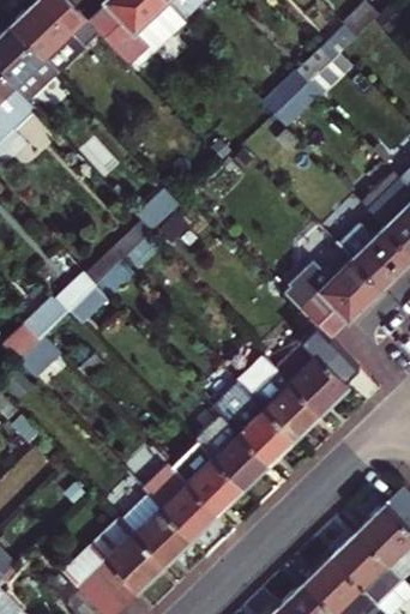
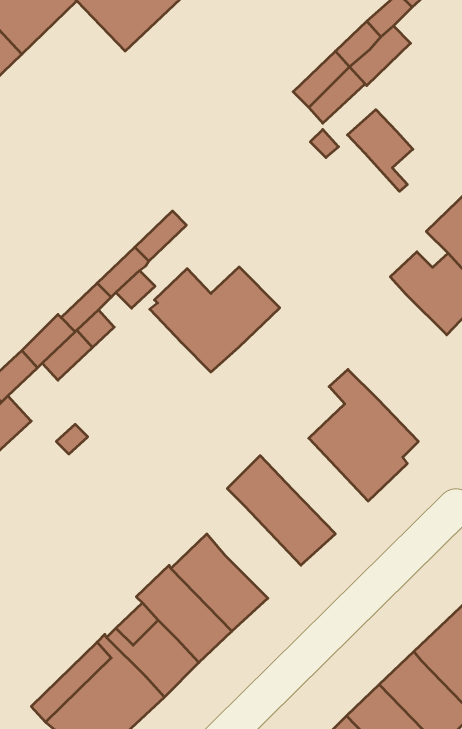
building: none -> [347,110,413,191]
building: [282,257,381,337] -> [150,267,280,372]
building: [239,356,321,440] -> none
building: [212,419,270,489] -> none

